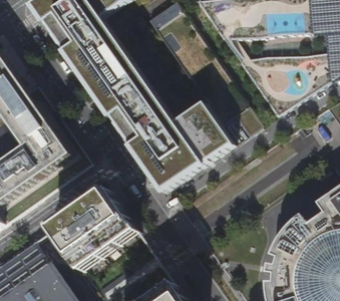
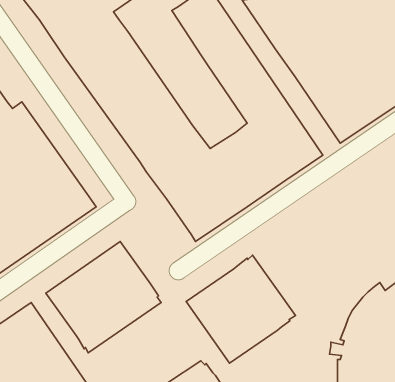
building: none -> [186,255,295,363]

